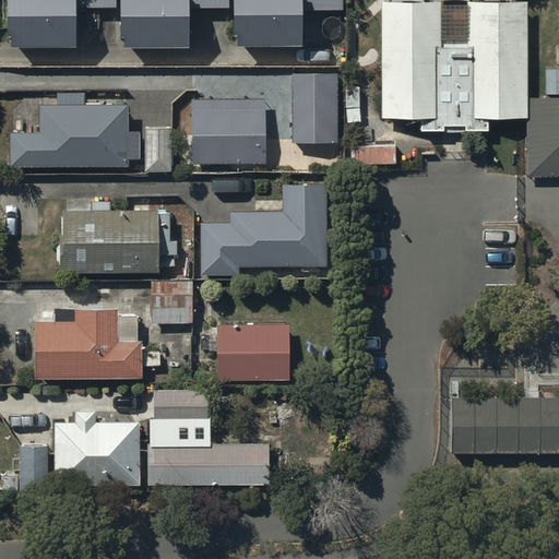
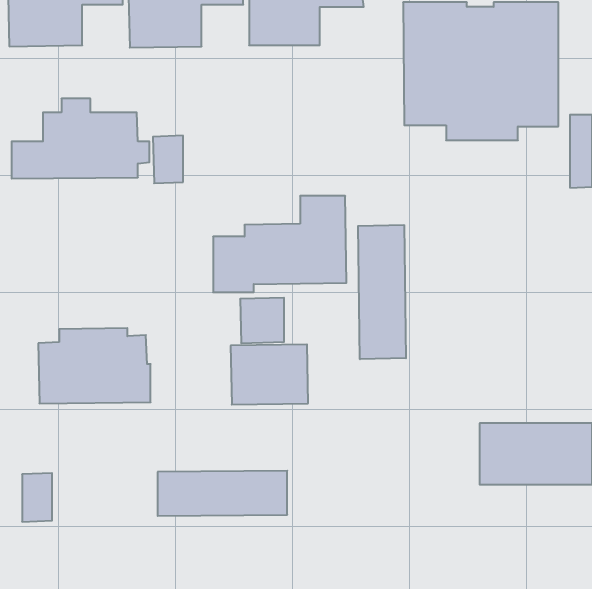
building: [293,74,337,143] -> none
building: [192,99,266,164] -> none
building: [61,201,177,274] -> none
building: none -> [358,225,406,359]
building: [152,281,193,323] -> [240,298,284,343]
building: [154,389,209,421] -> none
building: [56,411,140,487] -> none

